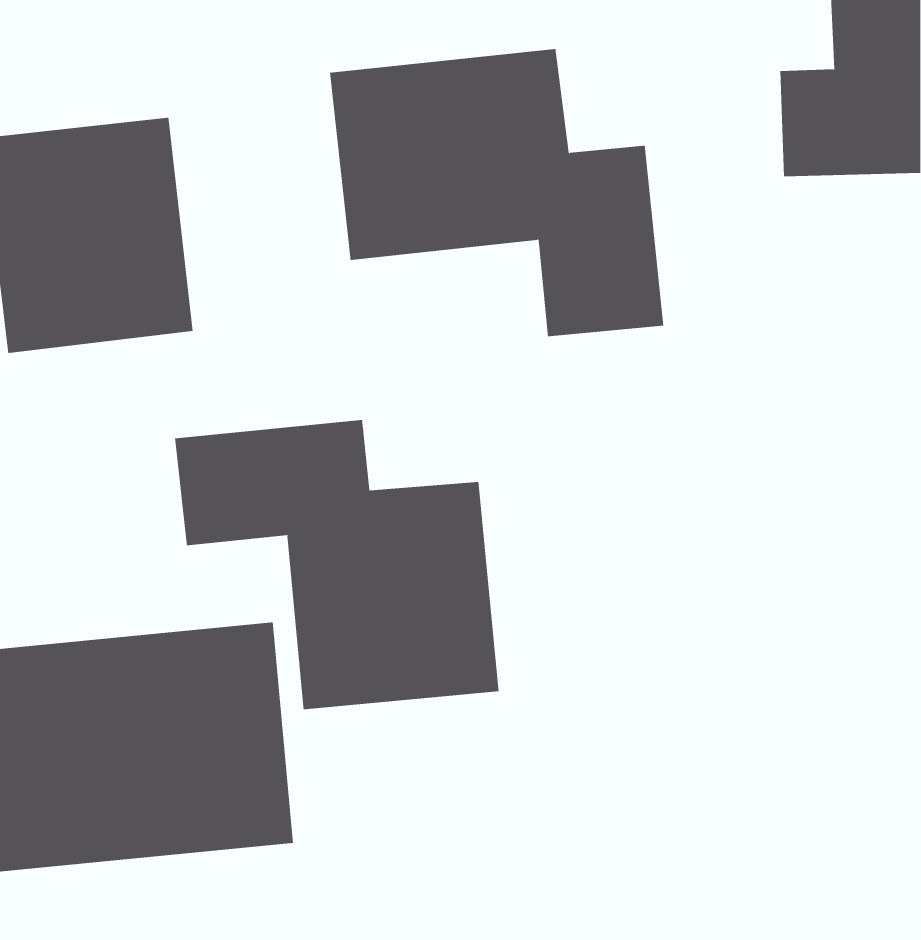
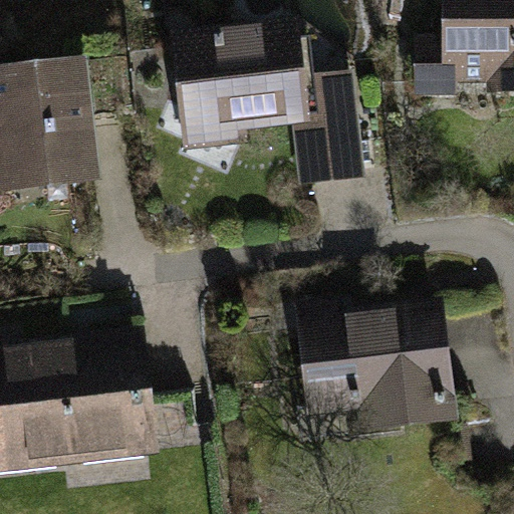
building: [175,419,499,710] -> none
building: none -> [297,297,473,430]

